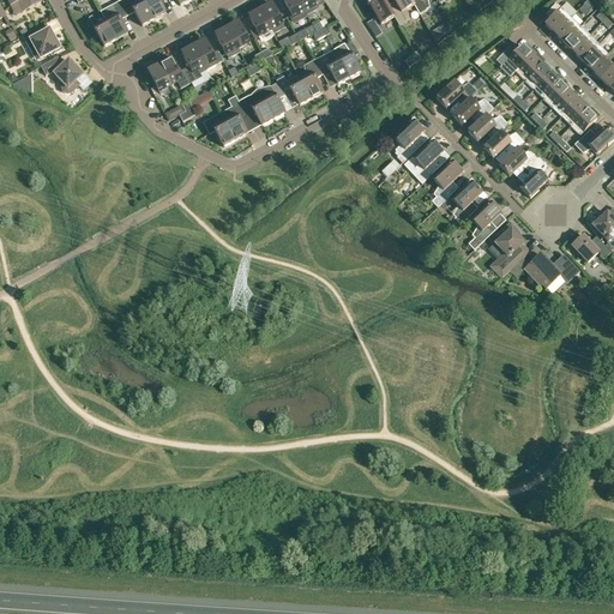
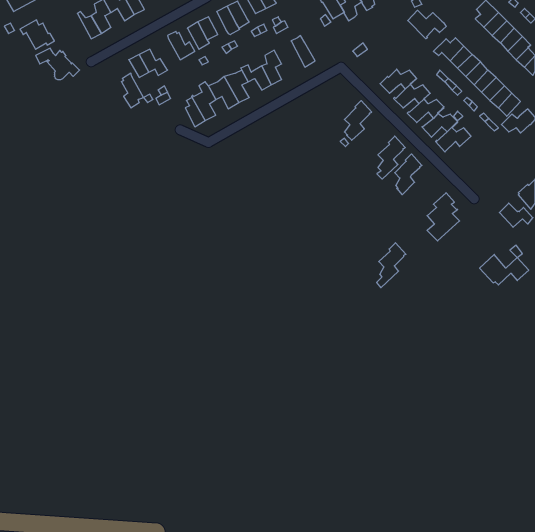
building: none -> [408,10,446,39]
building: [181,41,206,80] -> [121,73,143,108]
building: [314,47,349,83] -> none
building: [404,136,445,181] -> none
building: [519,156,547,195] -> none
building: [469,197,502,248] -> [377,243,406,288]
building: [524,252,580,287] -> [480,254,529,285]

